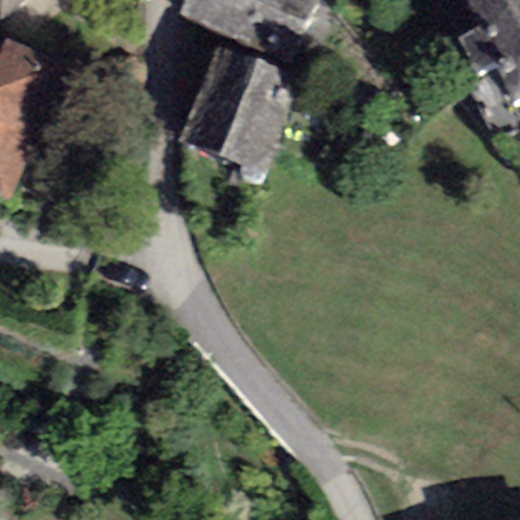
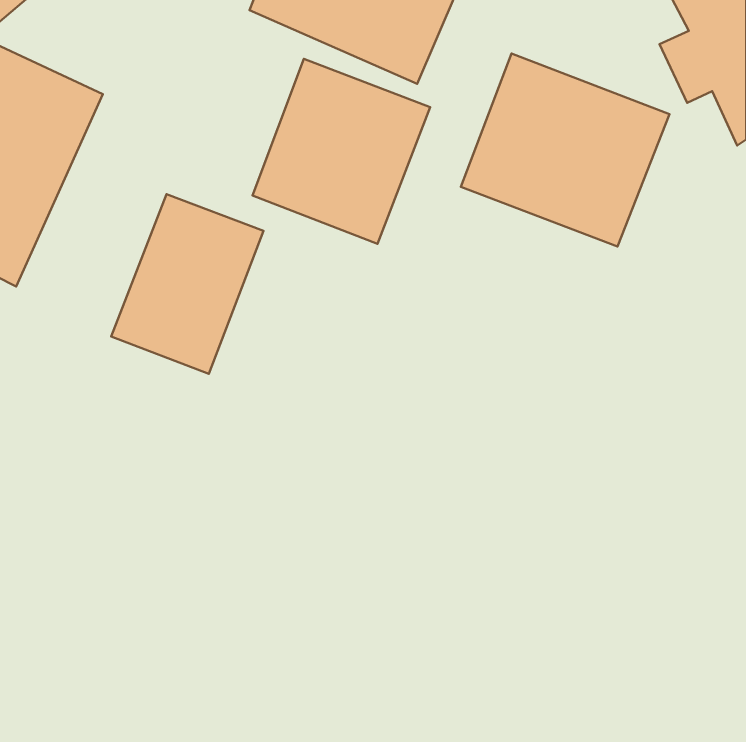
building: none -> [461,54,670,246]
building: none -> [111,194,263,374]

